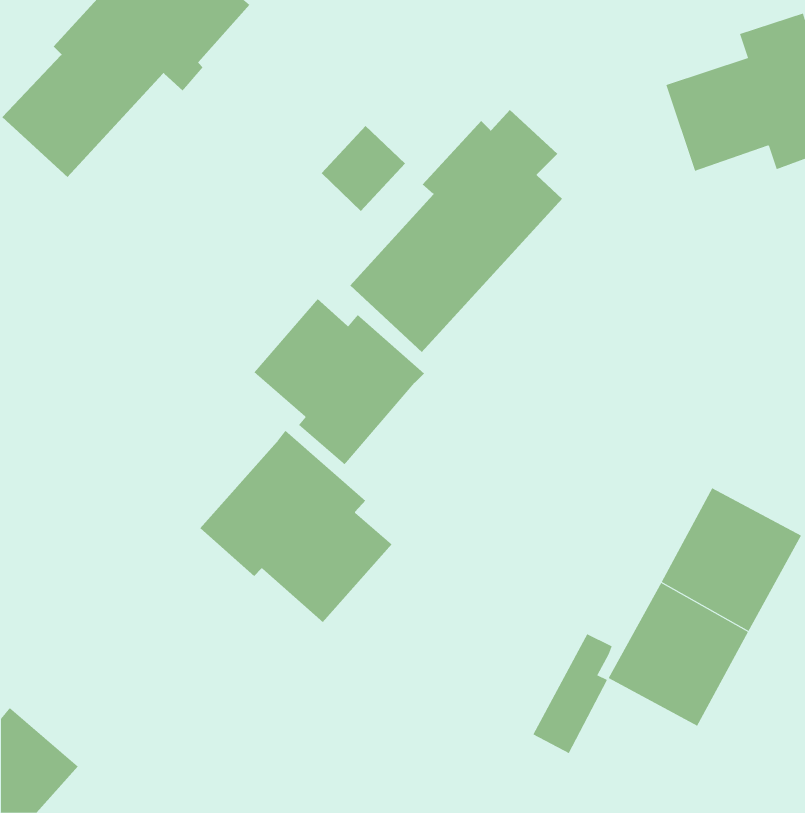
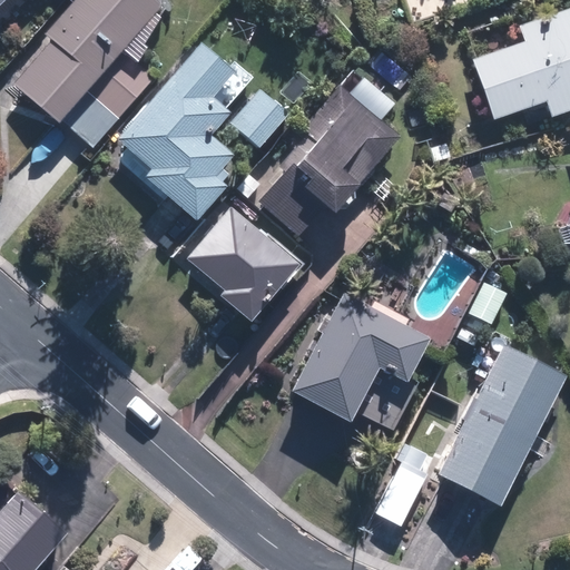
building: none -> [115,41,249,222]
building: none -> [73,65,159,146]
building: none -> [288,292,429,430]
building: [199,430,393,623] -> none

